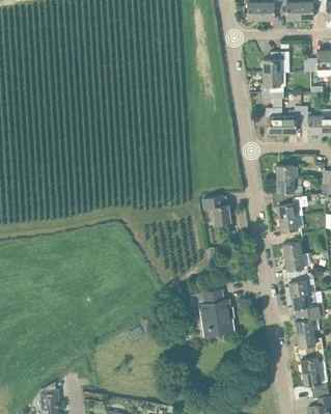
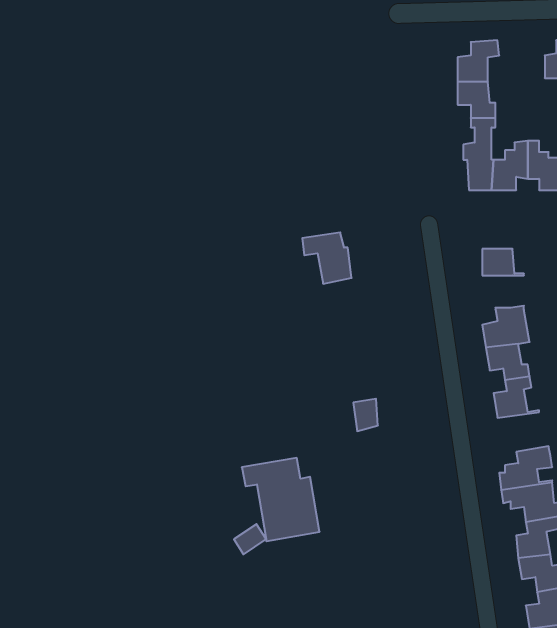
building: [277,180,303,197] -> none
building: [203,197,230,225] -> [302,232,352,284]
building: [285,254,313,276] -> none
building: [191,291,233,336] -> [242,458,320,541]

